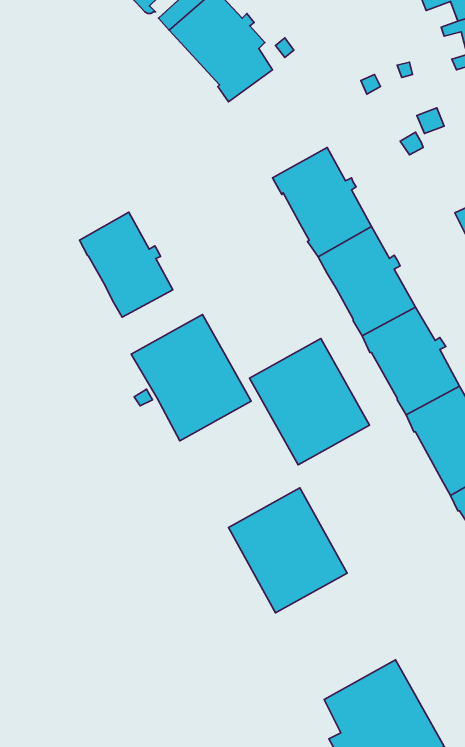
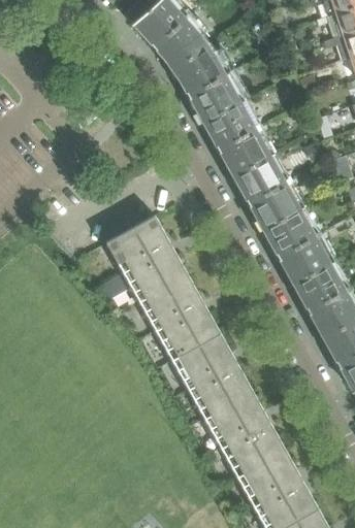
building: none -> [173,50,240,123]
building: [80,212,173,317] -> none
building: [249,338,370,465] -> [140,274,222,360]
building: none -> [205,391,287,476]

